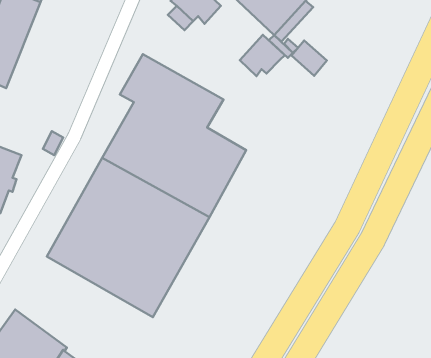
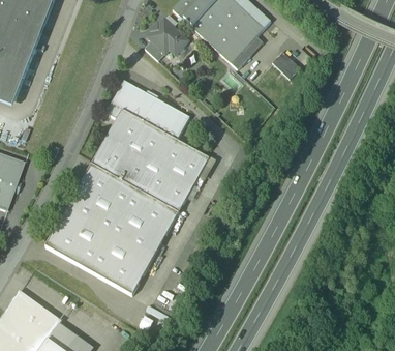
building: [240,35,285,76] -> none
building: [292,40,327,76] -> [270,49,299,78]

